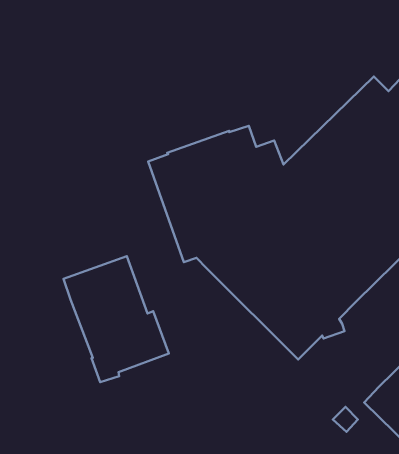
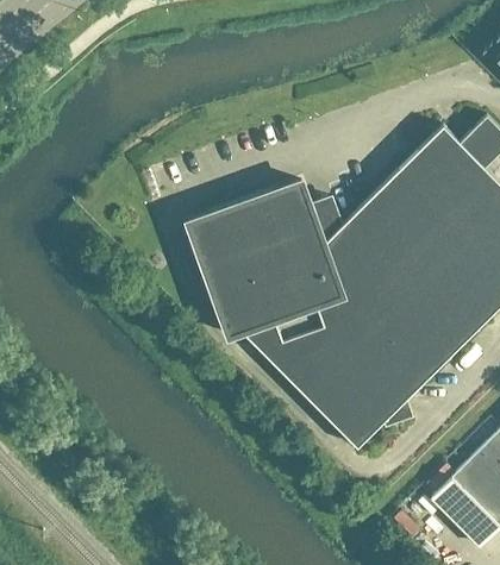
building: [64,256,169,382] -> none

